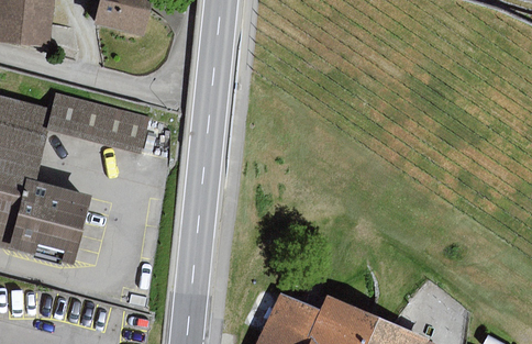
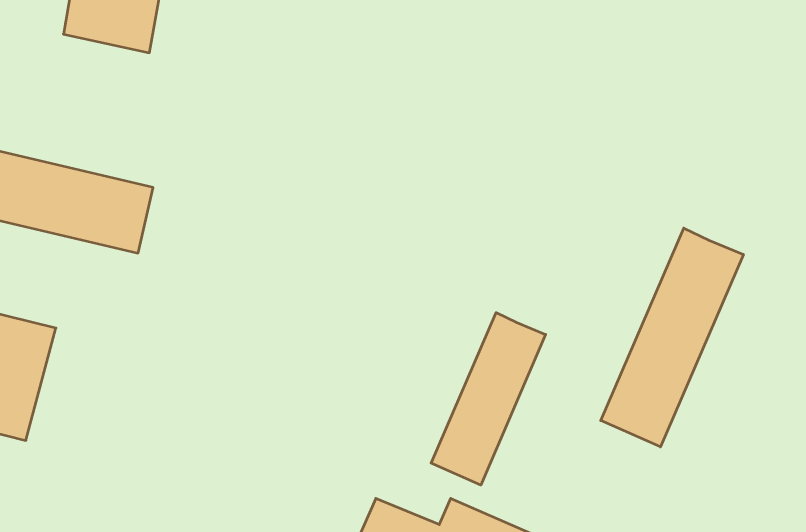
building: none -> [601,228,743,447]
building: none -> [431,313,546,485]

